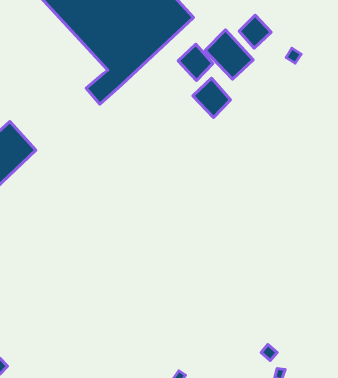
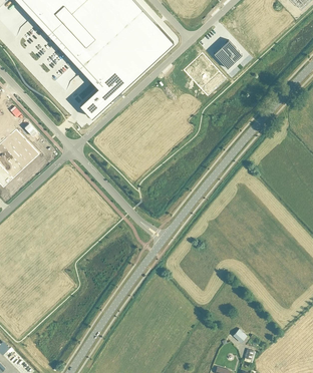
building: [178,44,213,80] -> none
building: [193,78,231,117] -> none

